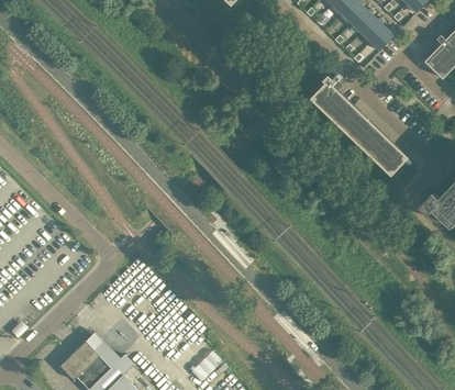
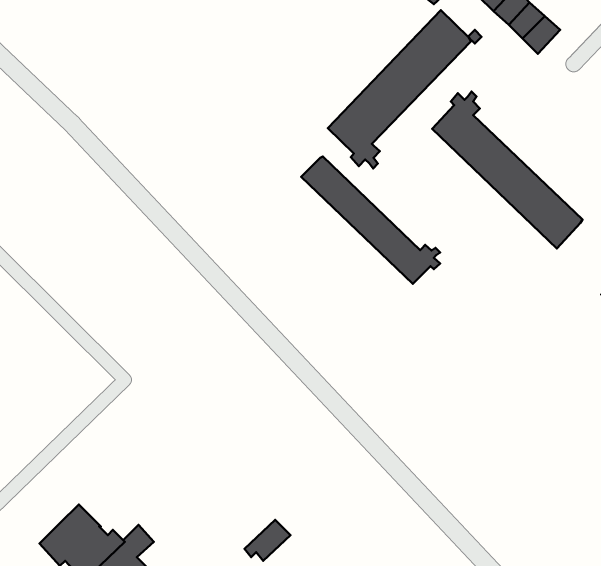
building: none -> [328,10,471,168]
building: none -> [301,156,440,284]

